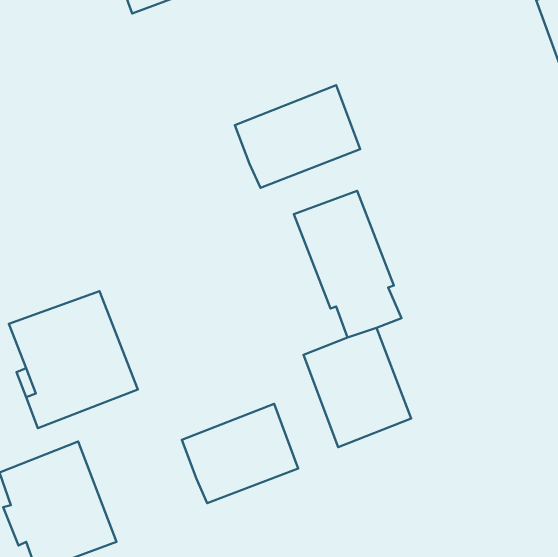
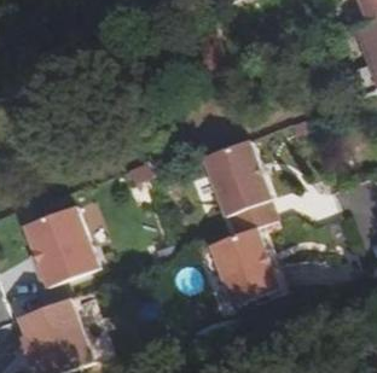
building: [235,85,360,188] -> none
building: [182,404,298,503] -> none

